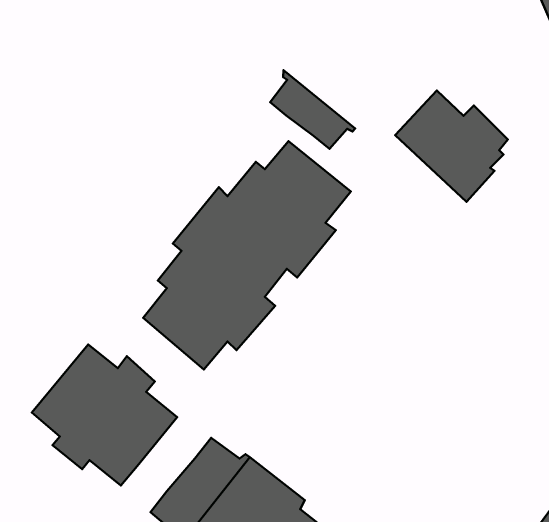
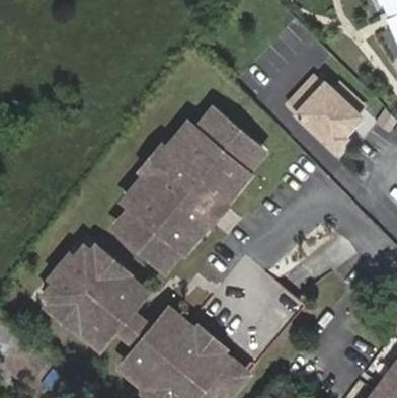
building: [270,70,355,149] -> none
building: none -> [112,309,152,348]

